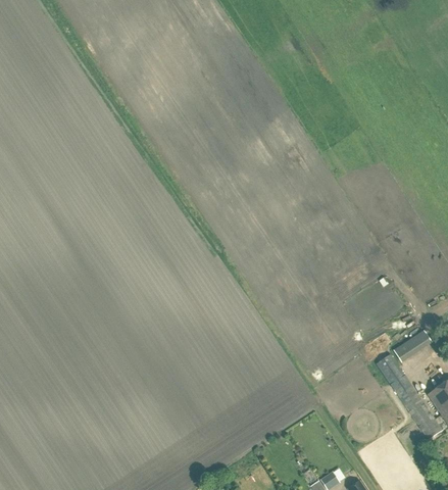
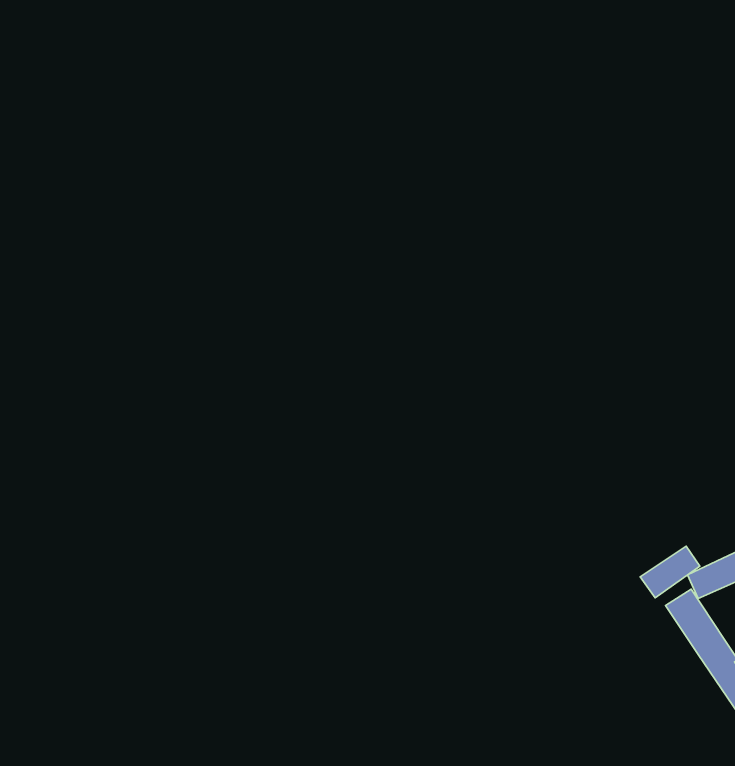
building: none -> [640,546,700,598]

